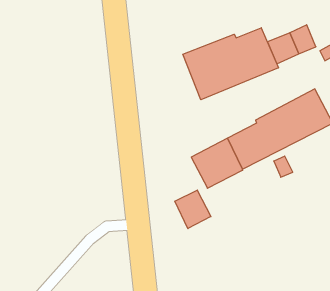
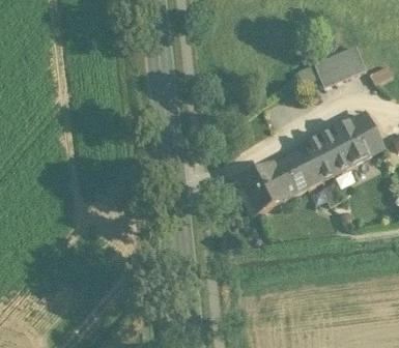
building: [183,28,278,100] -> none
building: [175,190,211,229] -> none

